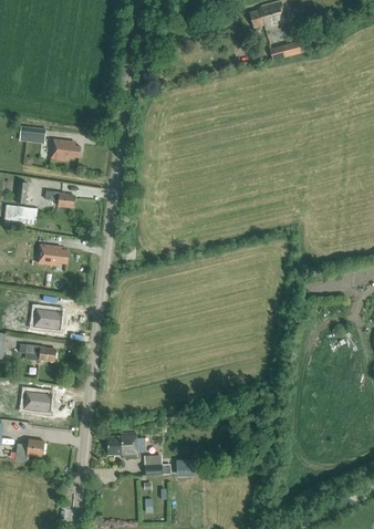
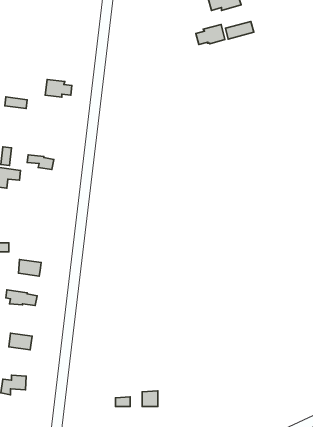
building: none -> [196,24,225,45]
building: [51,139,81,159] -> [45,80,72,97]
building: [38,243,67,264] -> none
building: [107,433,145,457] -> none

